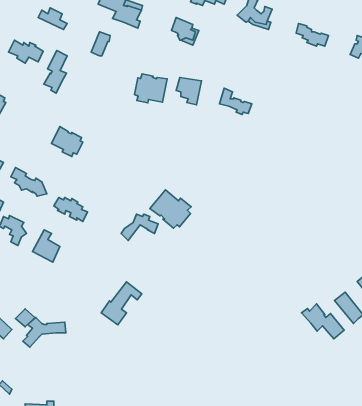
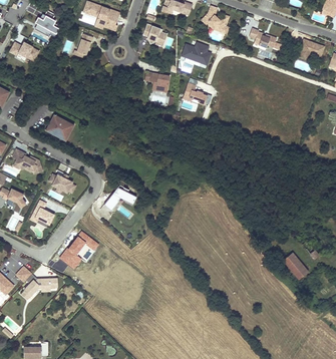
building: none -> [183,42,212,65]
building: [44,51,67,93] -> none
building: [134,74,167,103] -> none
building: [150,190,191,228] -> none
building: [101,282,142,325] -> [60,232,94,268]
building: [302,304,344,339] -> none

